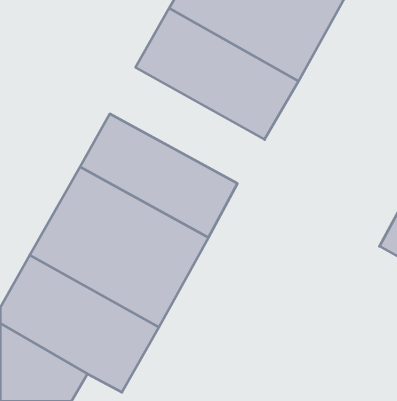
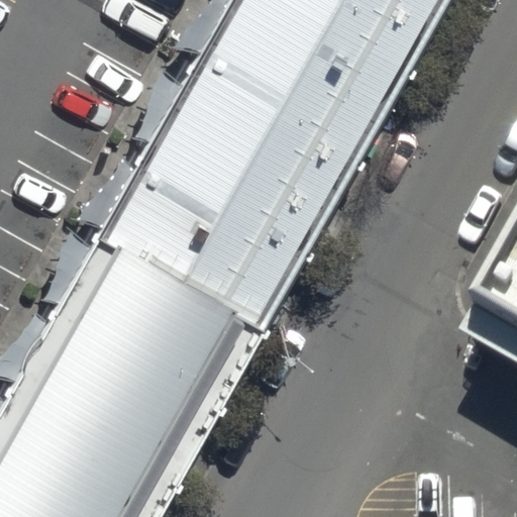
building: none -> [154,85,349,231]

